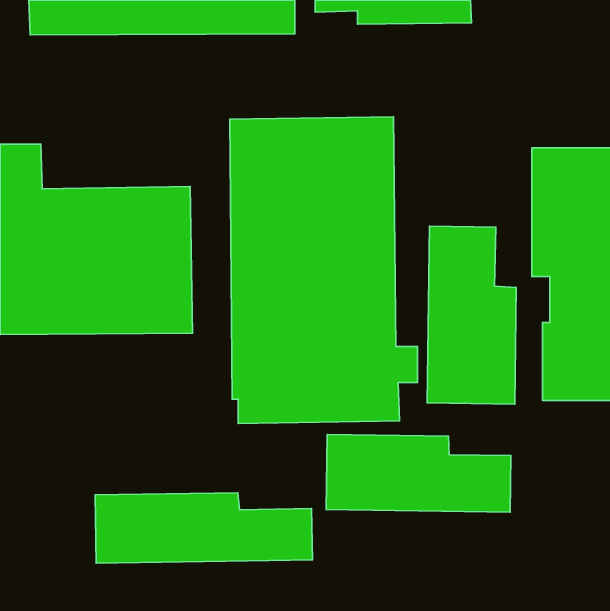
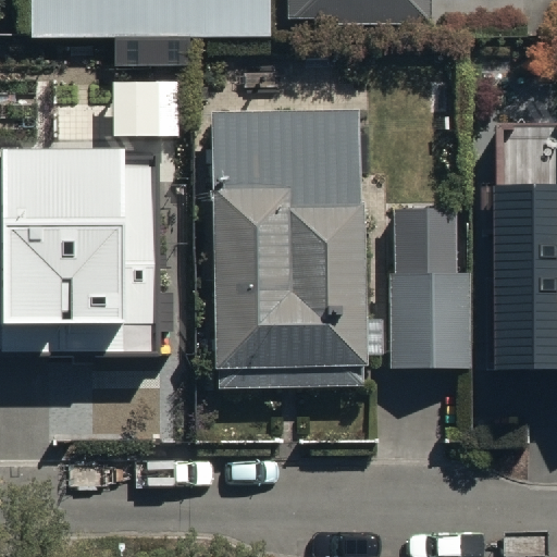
building: [326,434,511,512] -> none
building: [95,493,313,563] -> none

